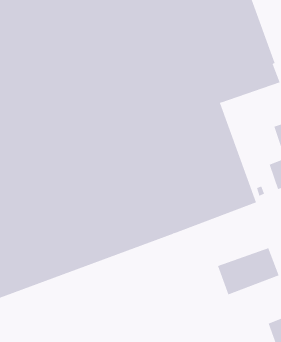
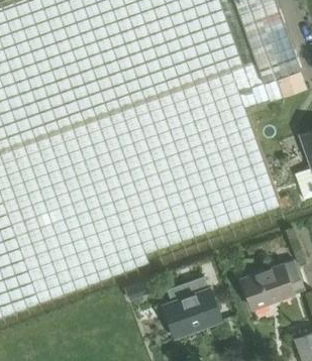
building: none -> [161,275,219,338]

